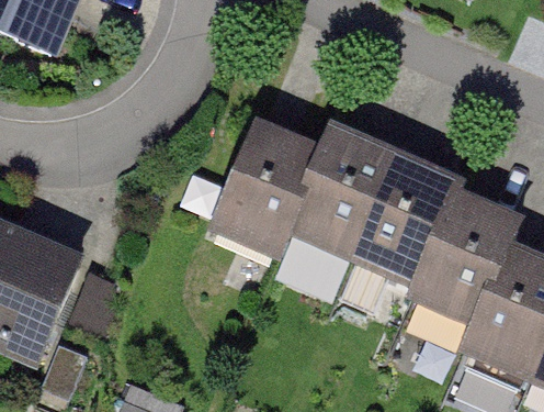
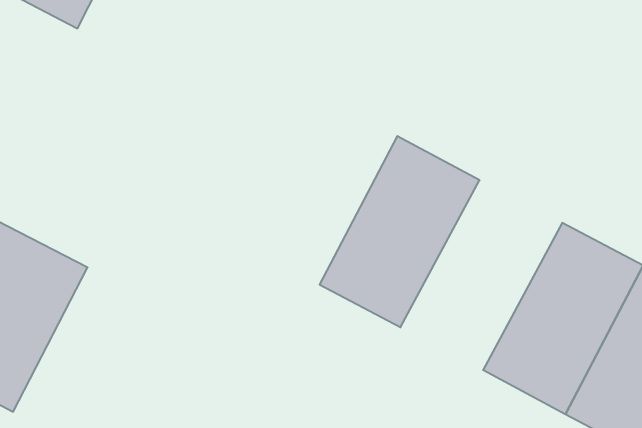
building: [200,101,320,252] -> none
building: [332,162,454,311] -> none

